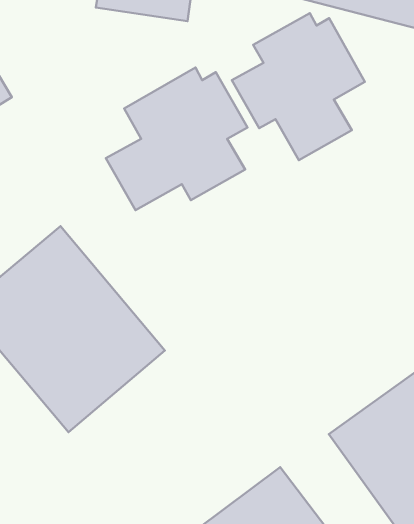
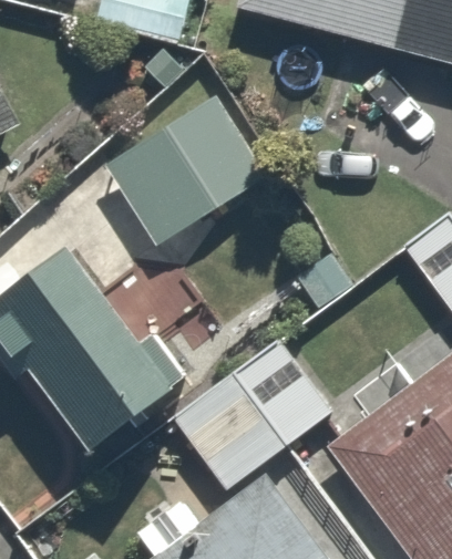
building: [232,13,365,160] -> none
building: none -> [172,338,329,486]

